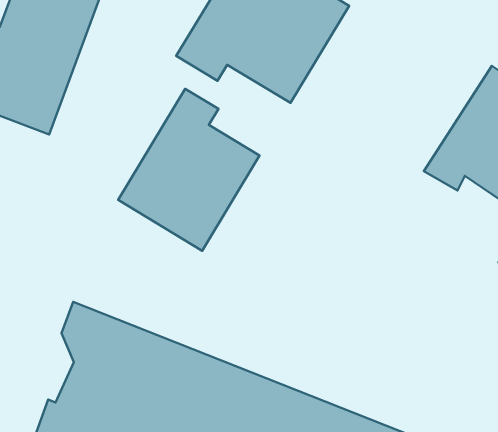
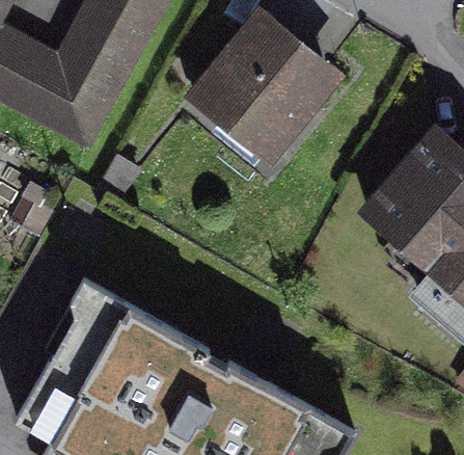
building: [118,89,260,251] -> none

